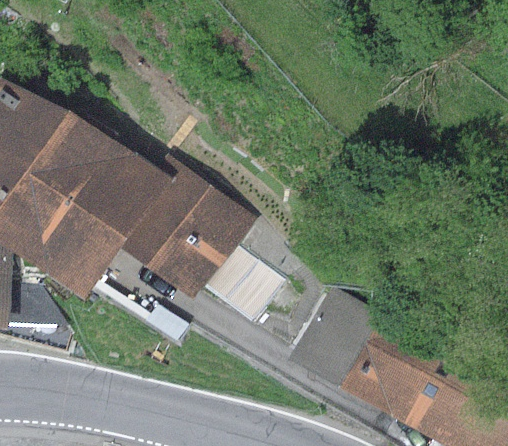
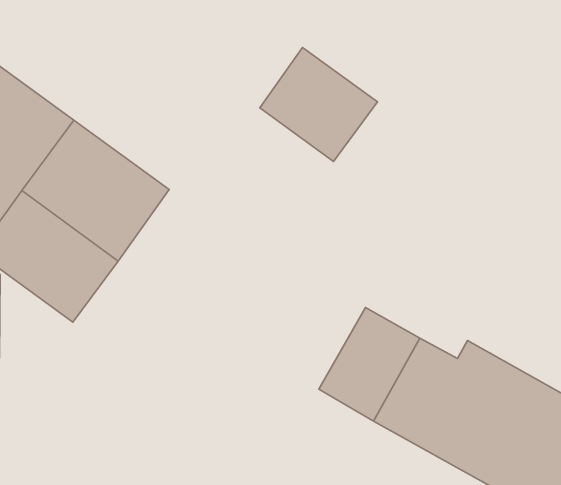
building: none -> [260,48,377,161]
building: [112,158,283,323] -> none

